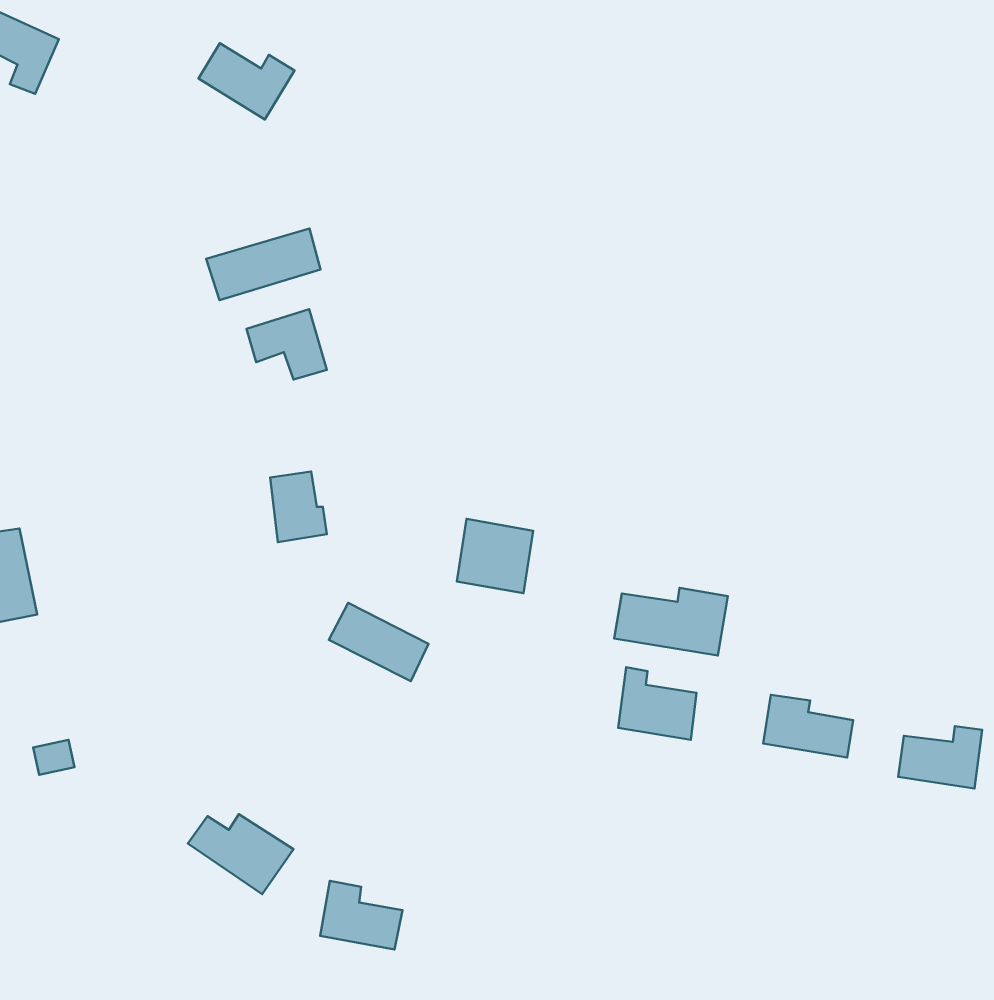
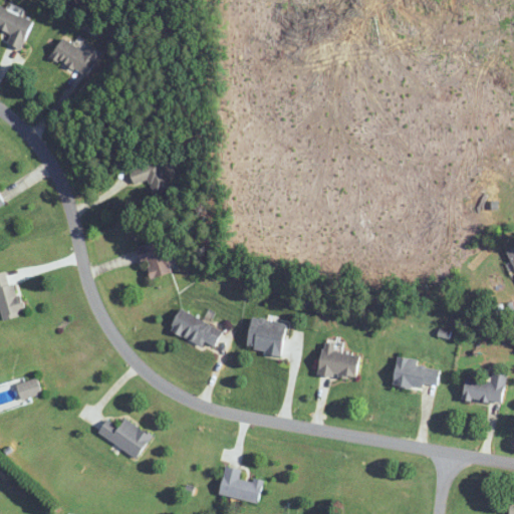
building: [198,43,294,119] -> [49,38,98,77]
building: [206,228,320,300] -> none
building: [457,519,533,593] -> [245,317,284,355]
building: [614,588,728,655] -> none
building: [320,881,402,949] -> [218,467,260,502]

